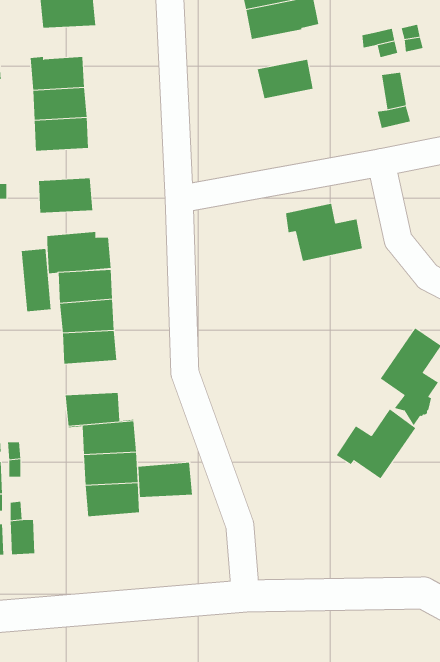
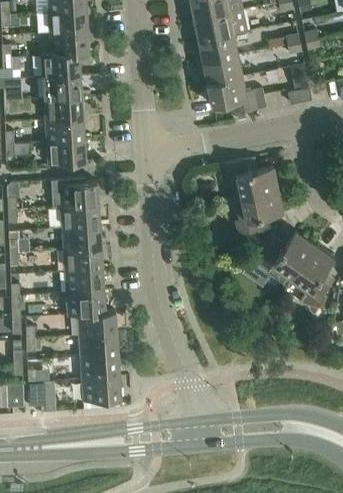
building: none -> [50,31,89,55]
building: none -> [198,34,238,62]
building: none -> [207,76,266,114]
building: none -> [45,118,84,141]
building: [21,248,51,312] -> none
building: none -> [234,189,282,235]
building: none -> [65,268,104,293]
building: [336,409,416,479] -> [257,231,314,281]
building: [138,462,193,498] -> [82,376,121,401]

